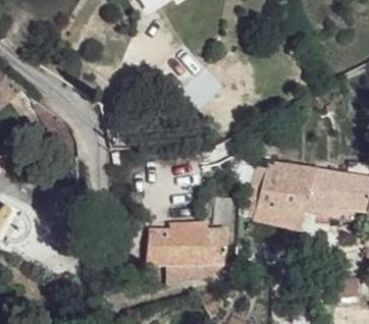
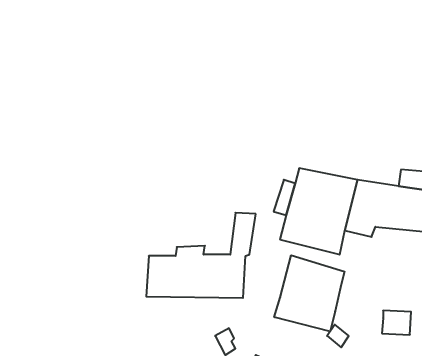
building: none -> [274,255,345,331]

